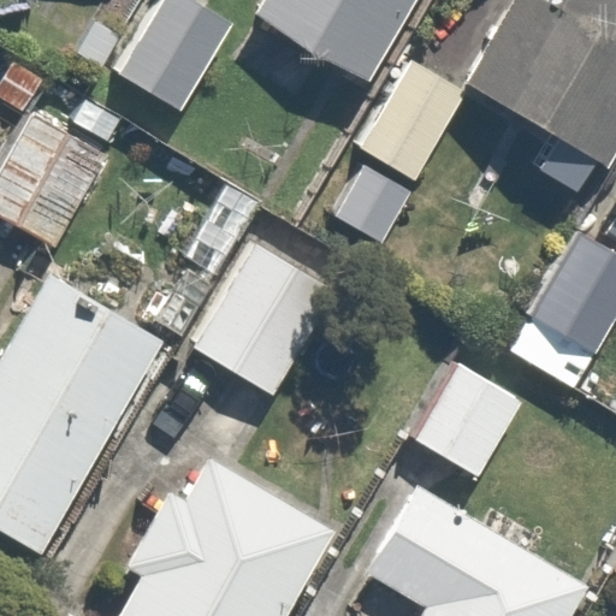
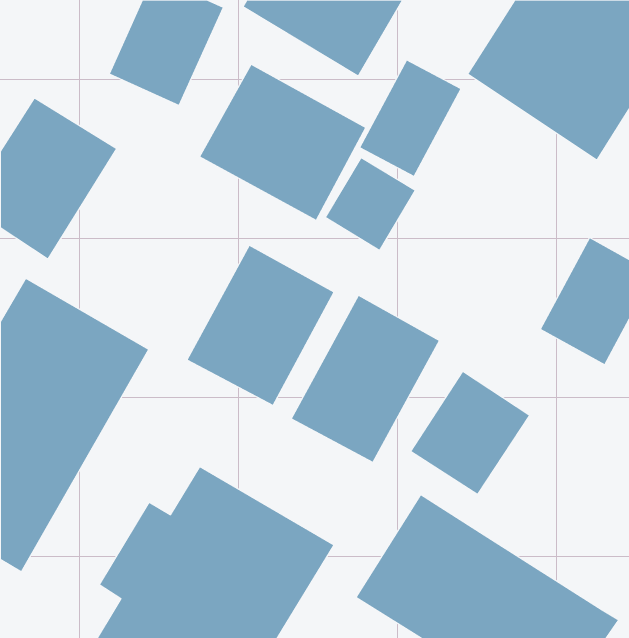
building: none -> [200,64,366,220]
building: none -> [291,295,440,462]

